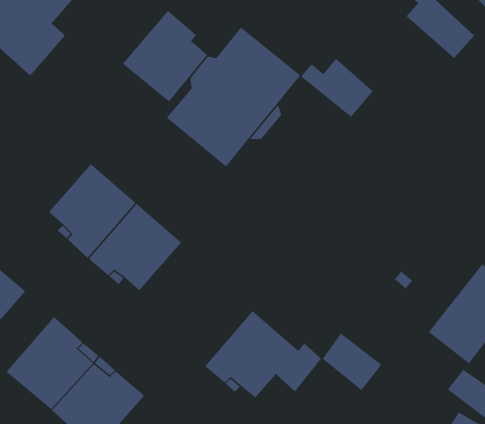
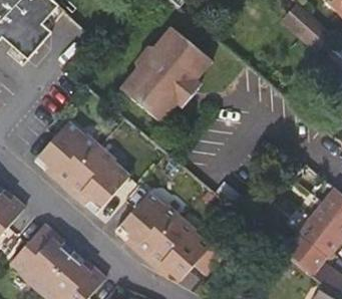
building: [122,10,208,103] -> none
building: [300,58,374,118] -> none
building: none -> [118,193,179,258]
building: [322,332,382,391] -> [284,234,325,274]

